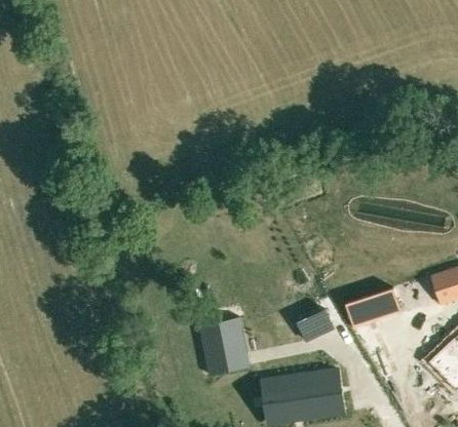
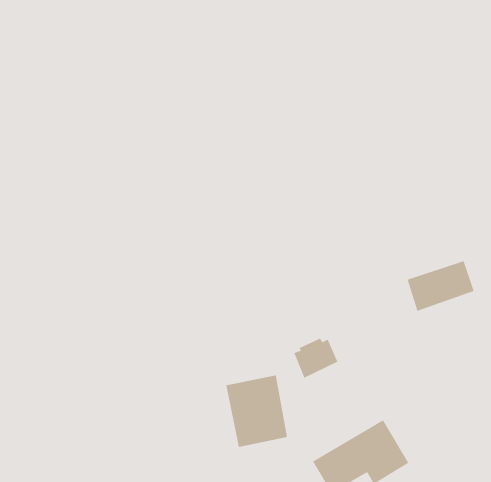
building: [346,288,400,329] -> [407,261,474,311]
building: [297,311,333,344] -> [294,338,338,378]

